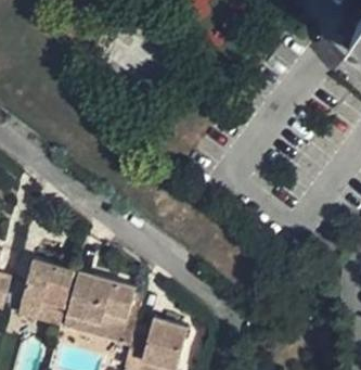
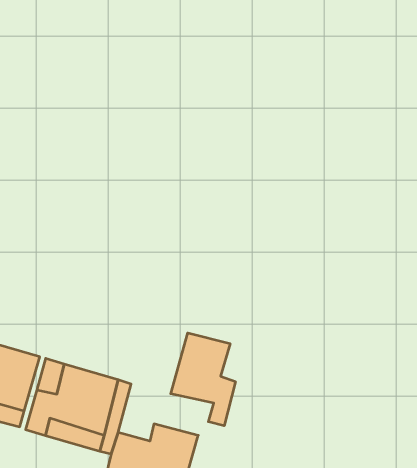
building: none -> [171,333,235,426]

